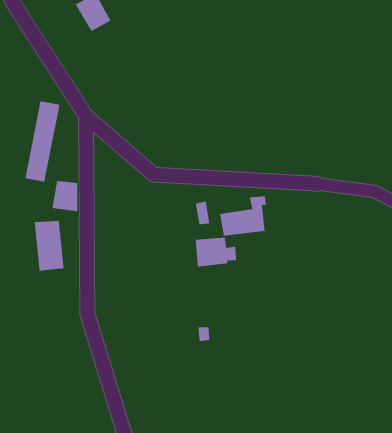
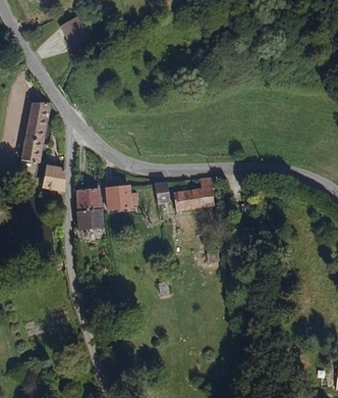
building: [34,220,65,271] -> [78,189,103,230]
building: [195,237,237,268] -> [105,186,138,210]

